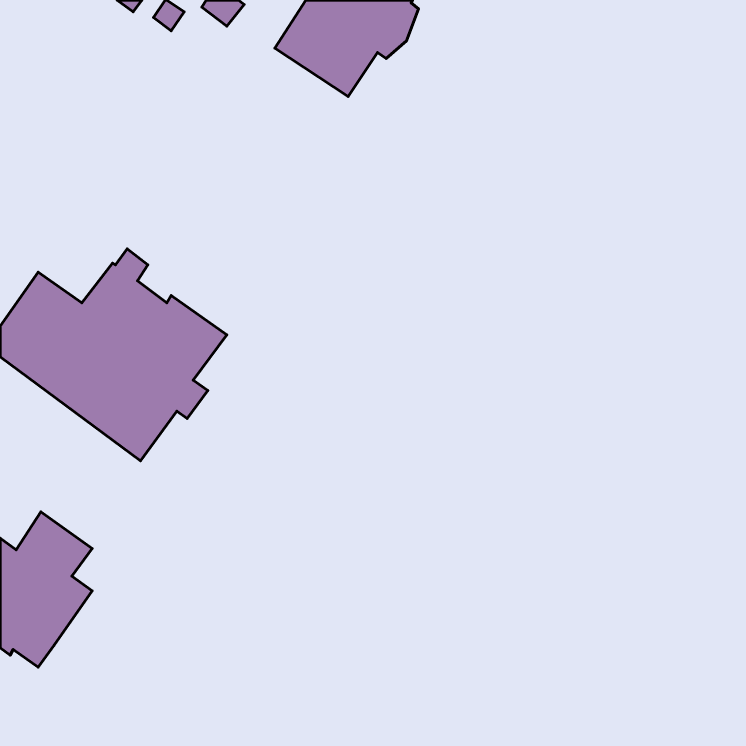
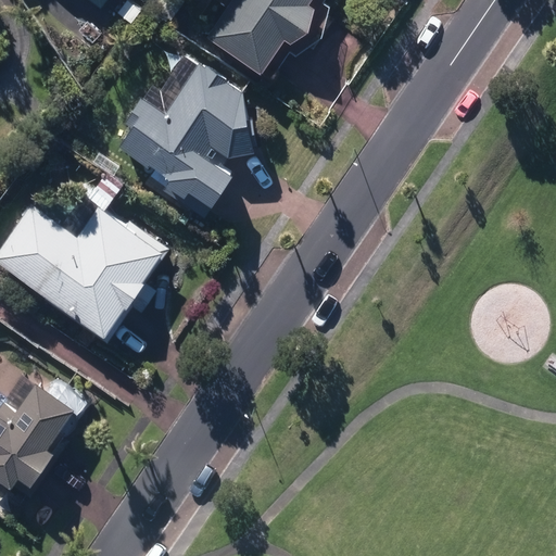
building: none -> [121,56,251,218]

